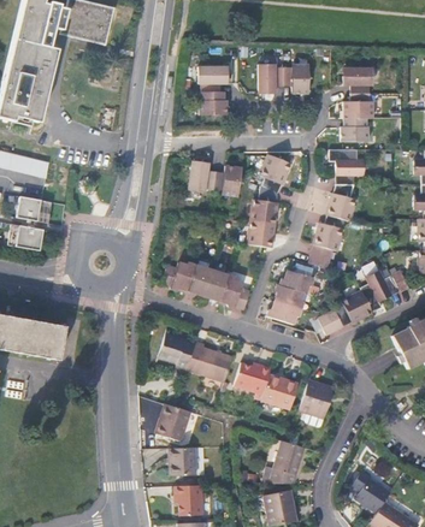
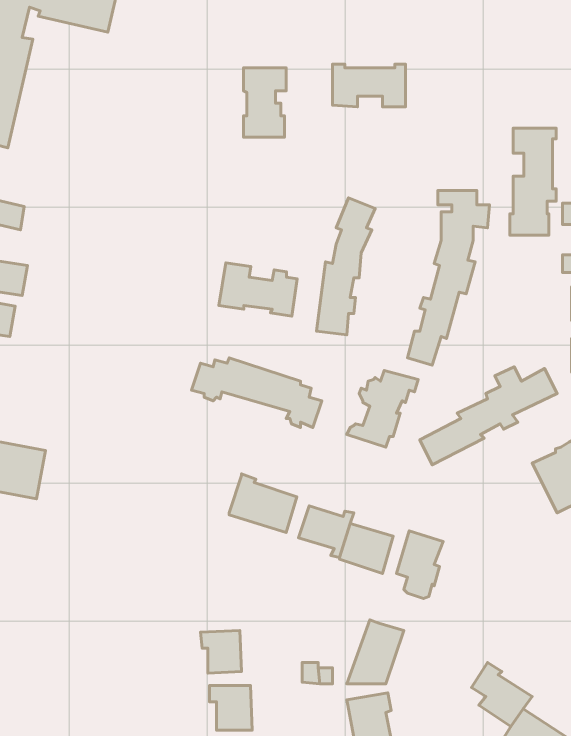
building: [340,69,371,141] -> [510,128,556,235]
building: [187,160,240,196] -> [219,263,297,316]
building: [159,333,196,368] -> none
building: [158,403,191,440] -> none

